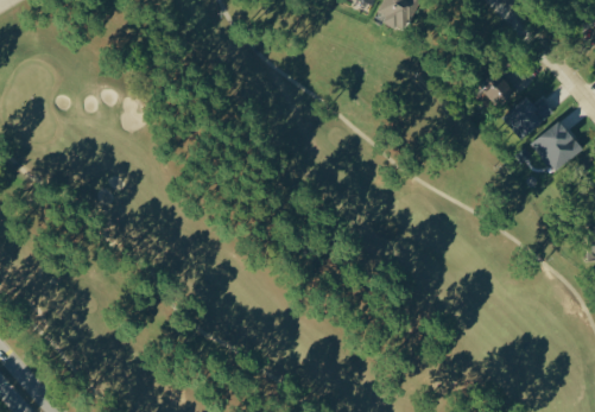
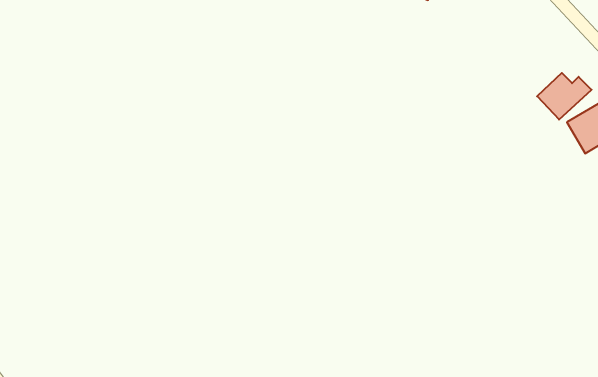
building: [477,72,512,107] -> none

